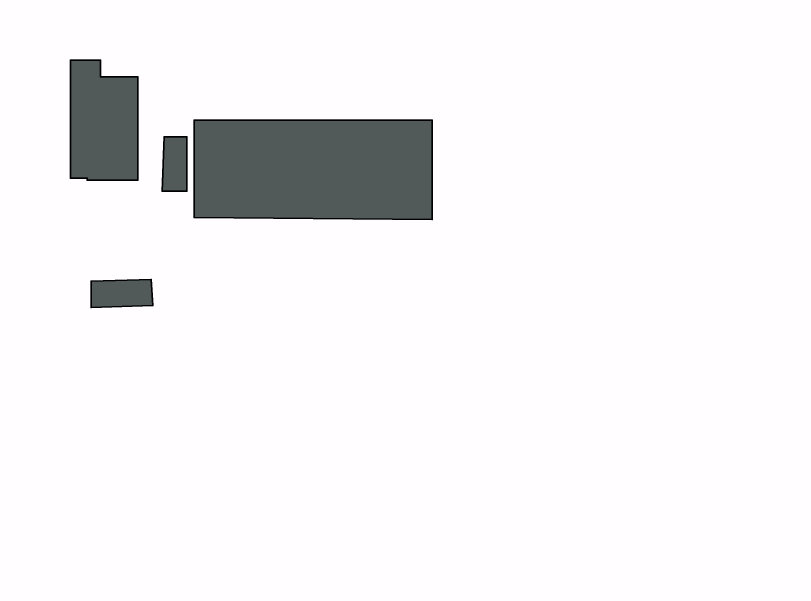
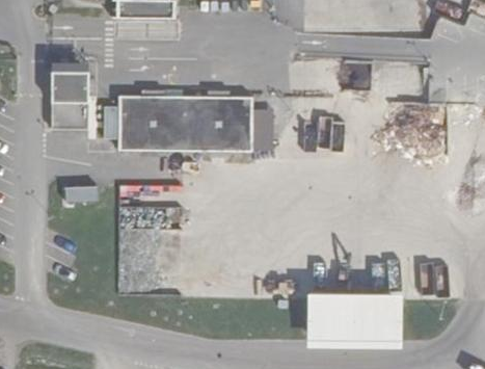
building: none -> [303,292,399,346]

